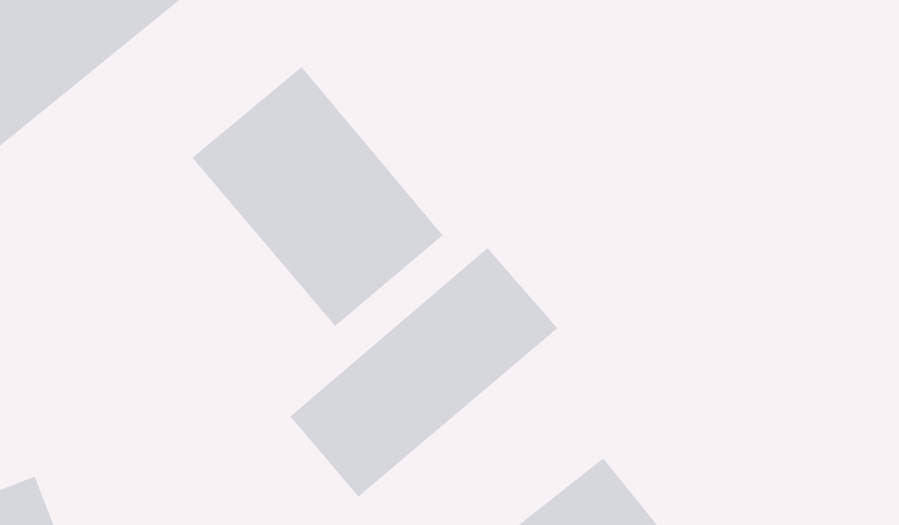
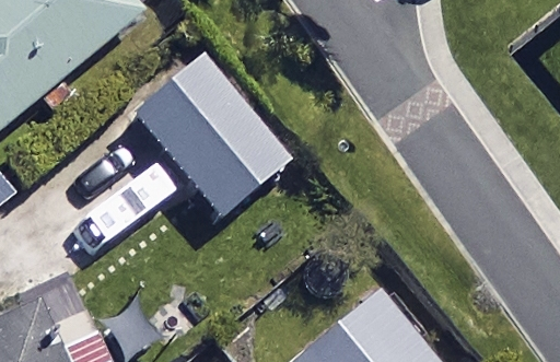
building: [290,247,558,498] -> none

